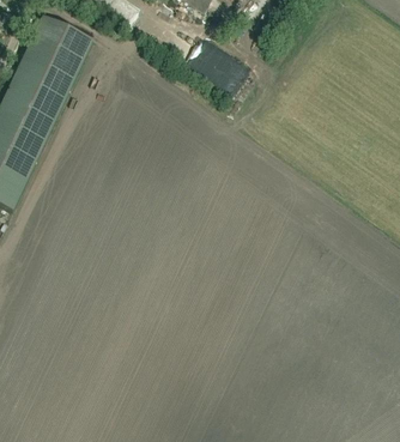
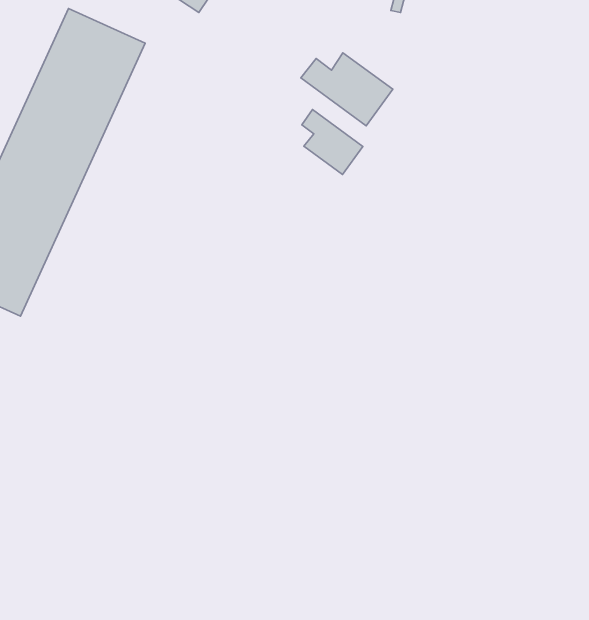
building: none -> [302,109,363,175]

